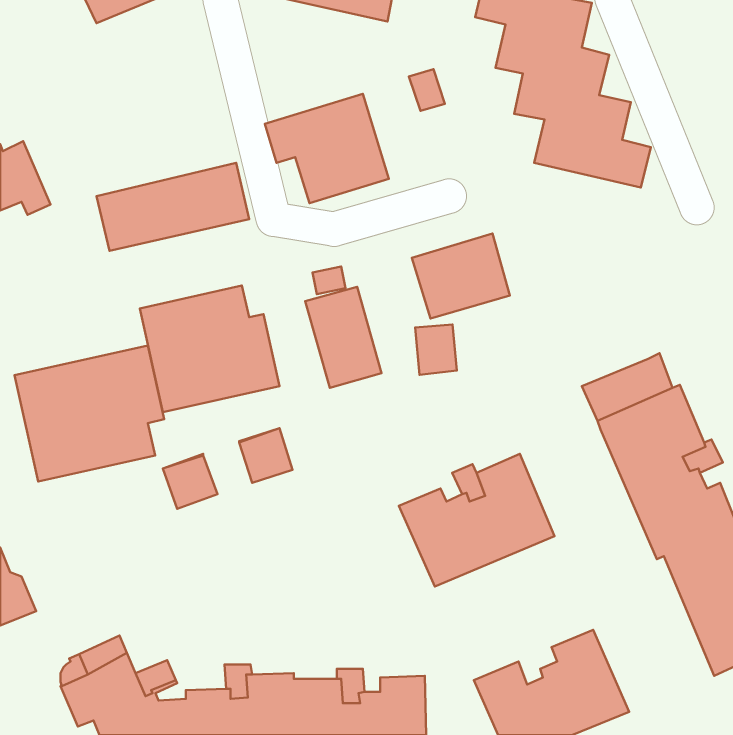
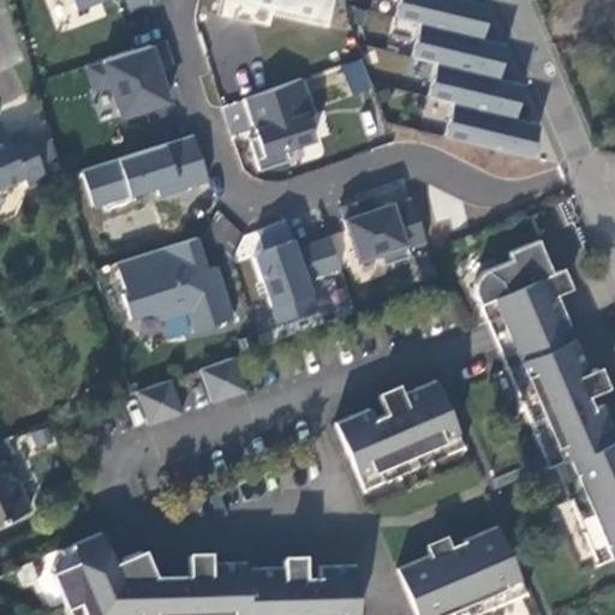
building: none -> [86,42,177,120]
building: none -> [476,238,555,322]
building: [415,325,457,375] -> [306,235,341,277]
building: [14,346,164,481] -> none

